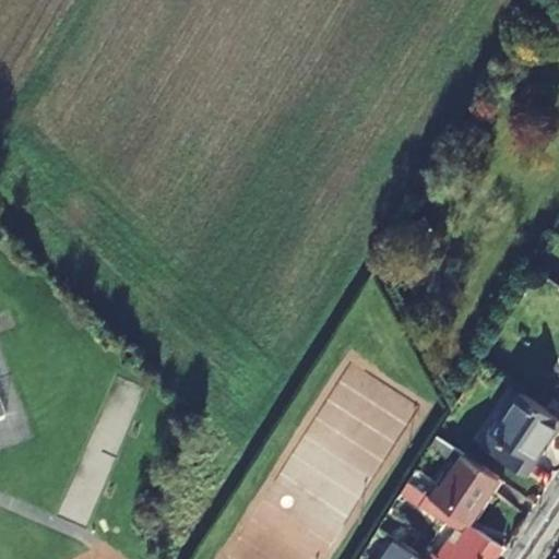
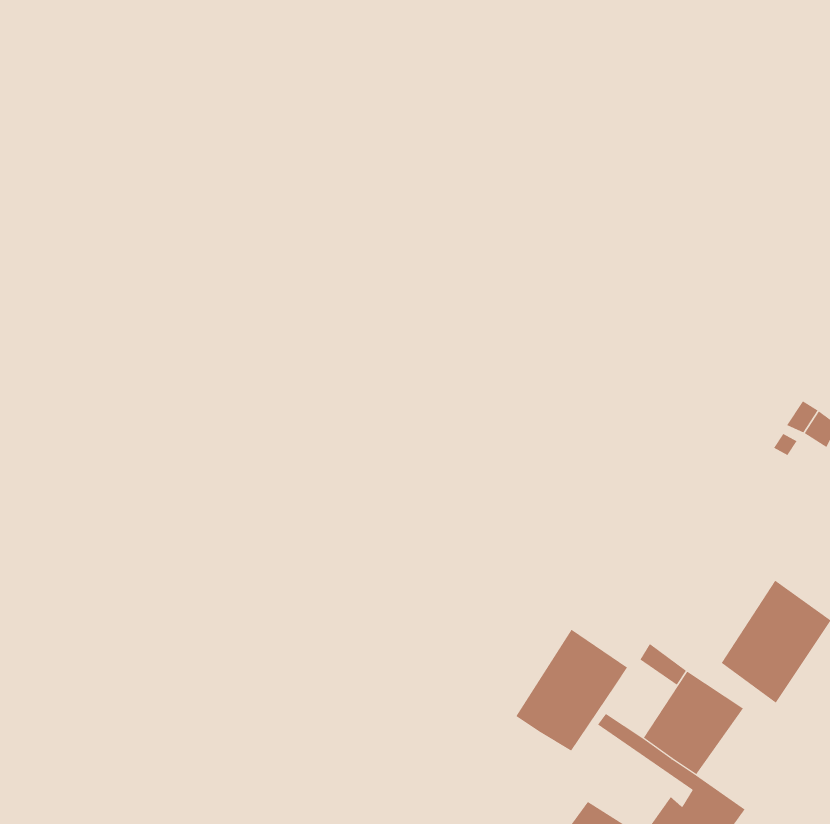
building: none -> [516,629,628,752]

